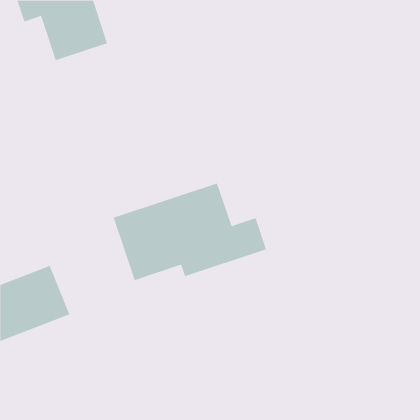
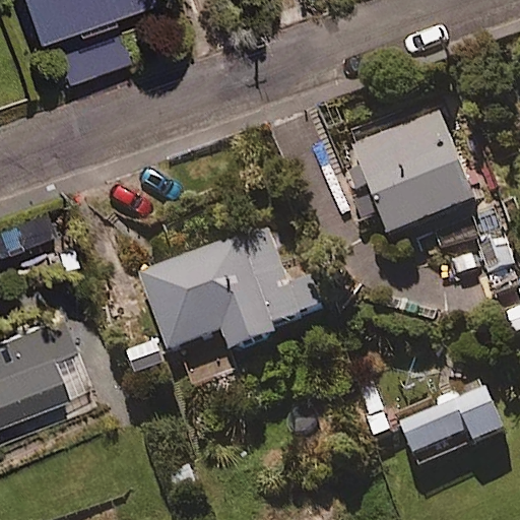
building: none -> [352,110,474,231]
building: none -> [398,376,505,465]

